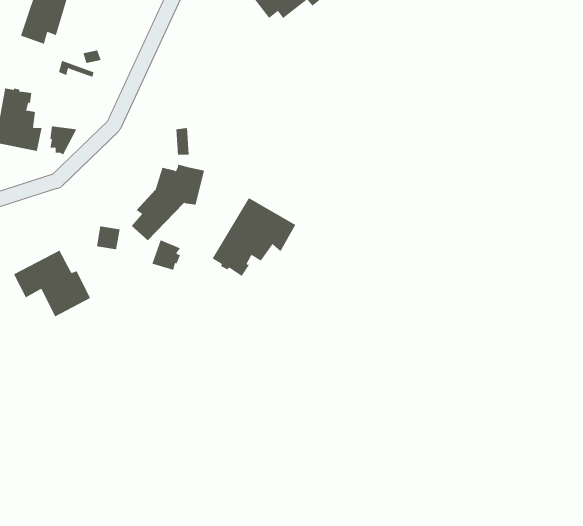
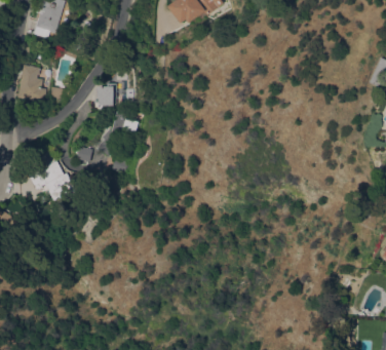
building: none -> [94,83,116,107]
building: [212,197,296,277] -> none

